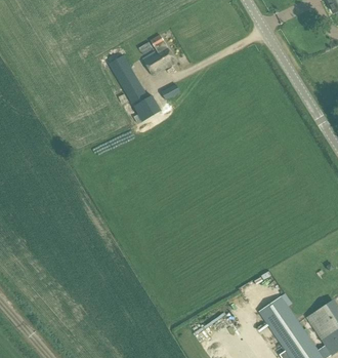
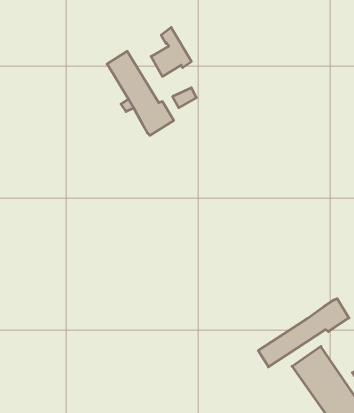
building: none -> [258,299,349,367]

